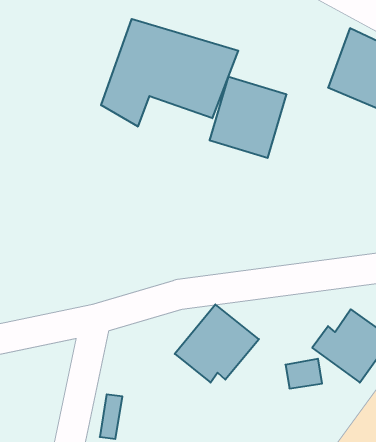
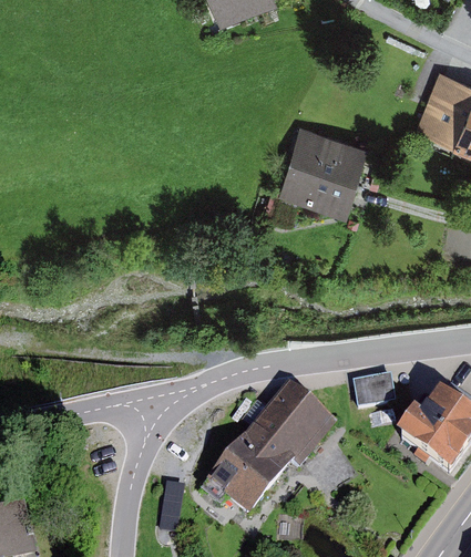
building: [101,19,238,127] -> none
building: none -> [199,435,283,510]
building: [285,359,322,388] -> [355,371,396,404]

